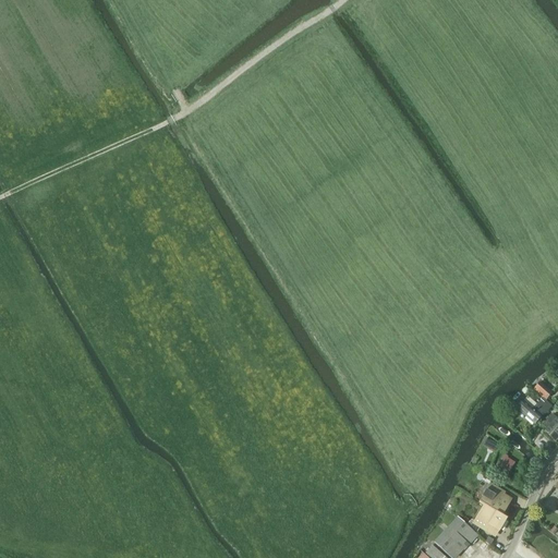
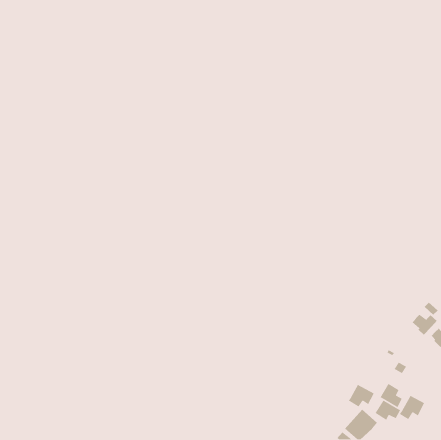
building: none -> [348,384,375,407]
building: none -> [399,395,425,420]

